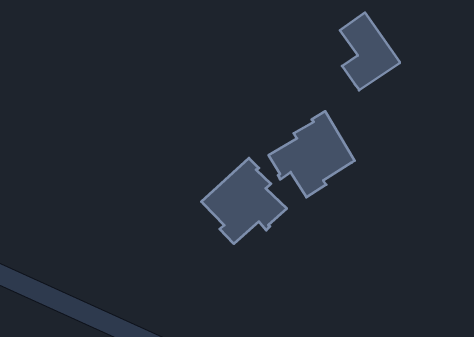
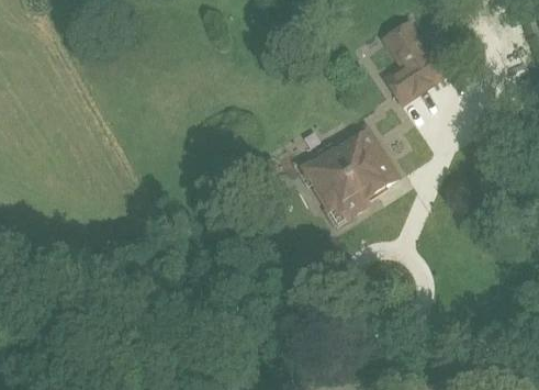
building: [201,158,287,244] -> none

